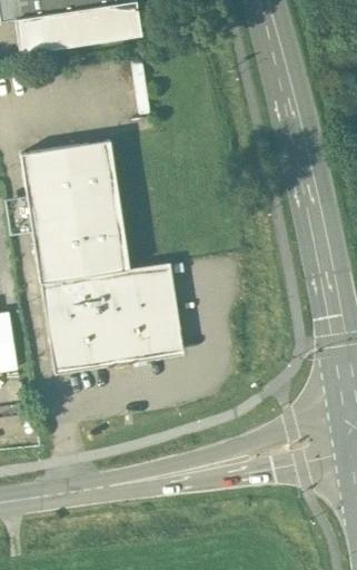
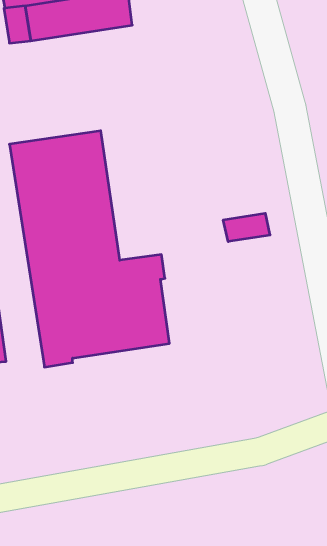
building: none -> [223,213,270,242]

